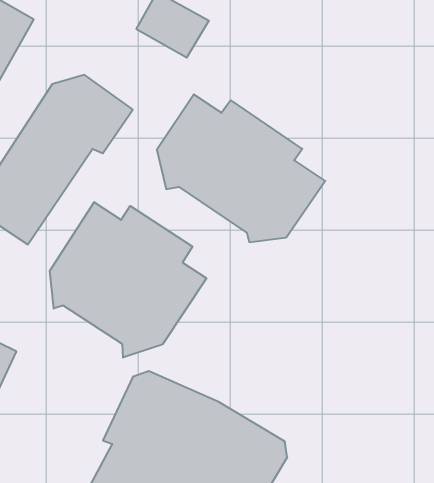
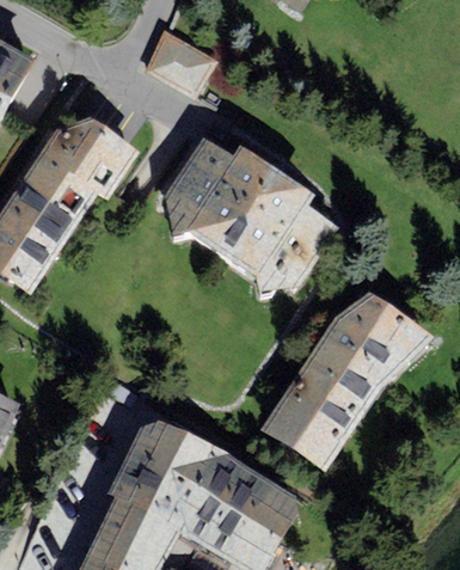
building: [50,202,206,358] -> none
building: none -> [259,289,436,468]

